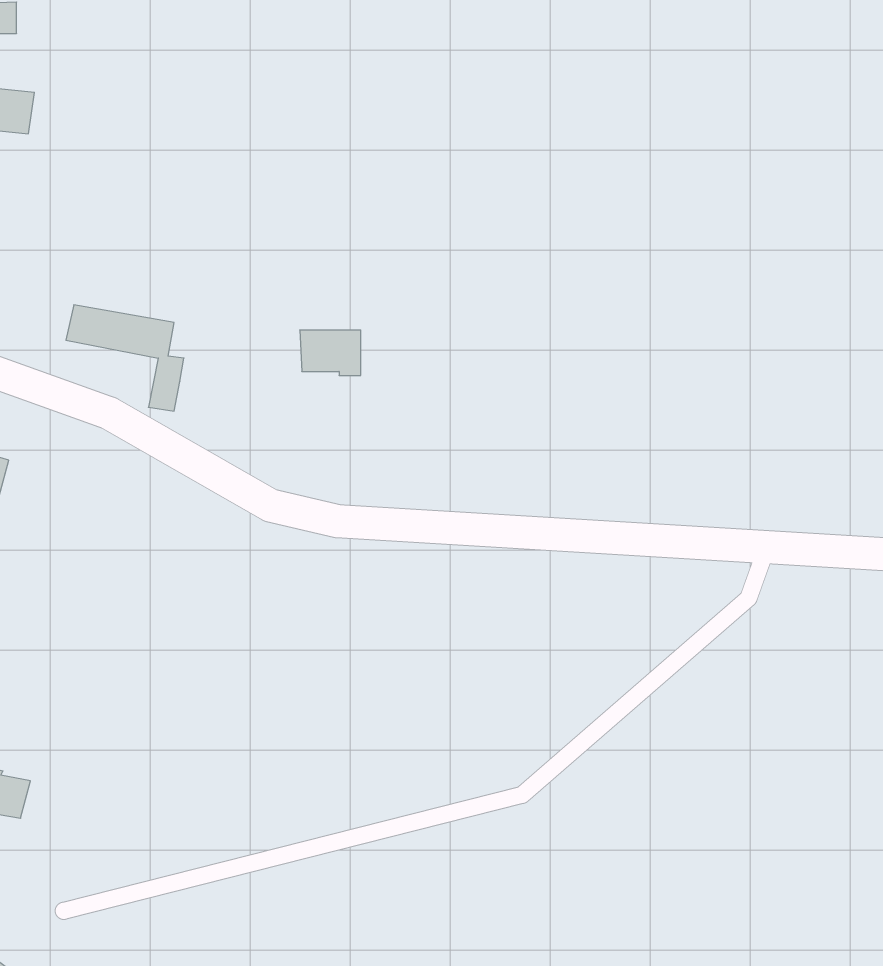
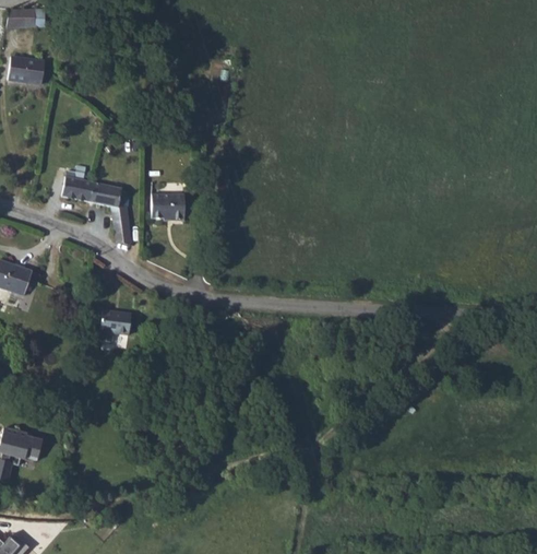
building: [300,330,361,375] -> [147,192,181,217]
building: none -> [102,318,132,349]

